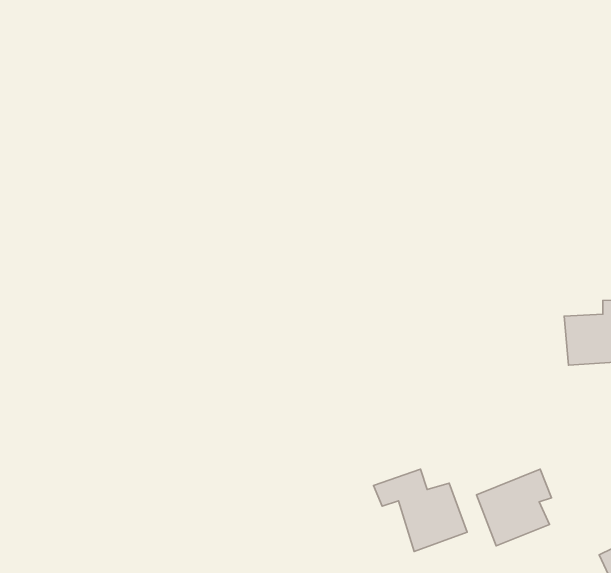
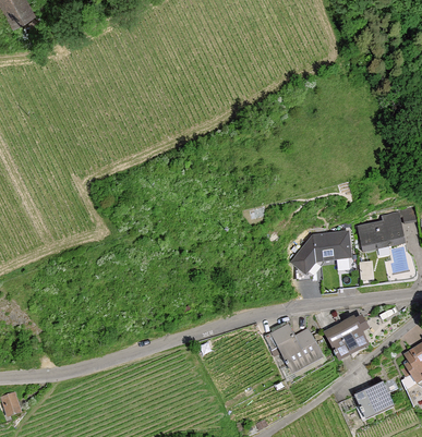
building: none -> [291,228,353,271]

